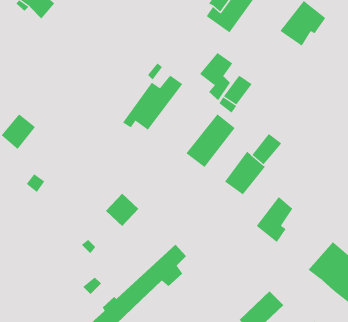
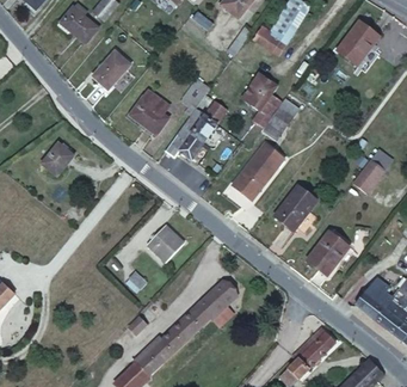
building: none -> [94,49,129,87]
building: none -> [132,86,173,134]
building: [251,133,282,165] -> [350,165,382,198]

